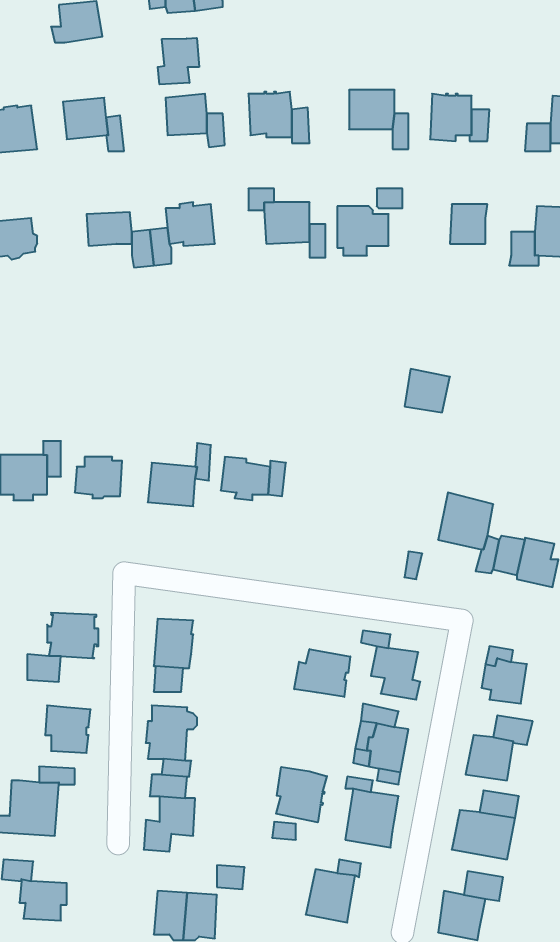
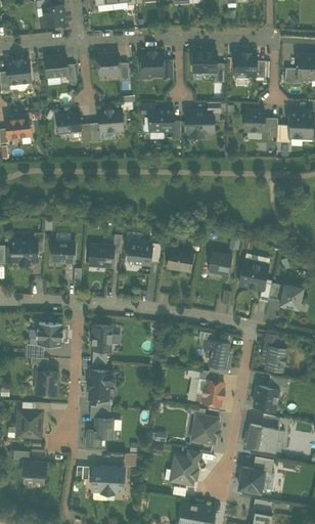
building: [158,38,199,84] -> none
building: [405,369,450,412] -> [208,252,231,274]
building: none -> [167,249,192,271]
building: [294,649,350,697] -> none
building: [276,767,327,822] -> none

